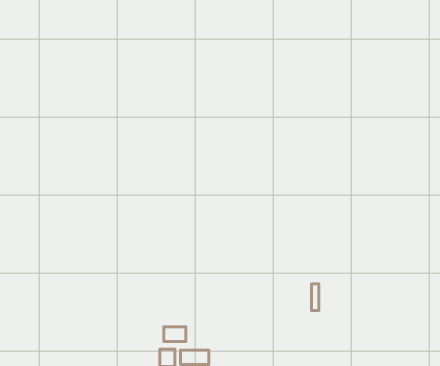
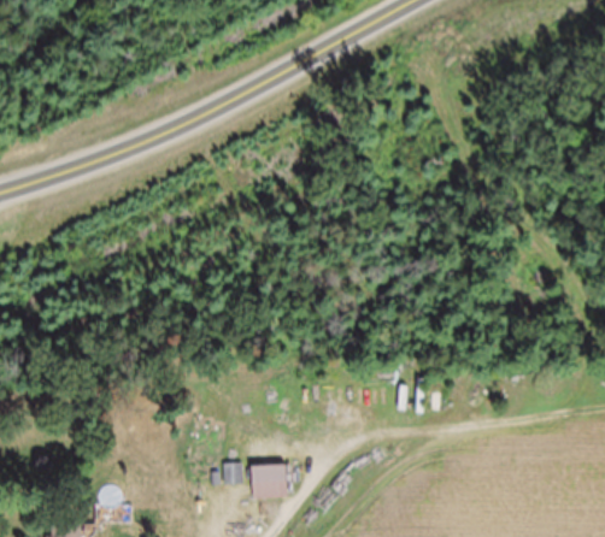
building: [164,327,186,341] -> none

